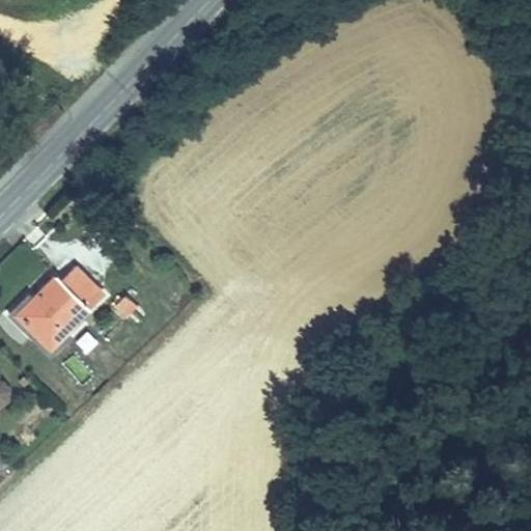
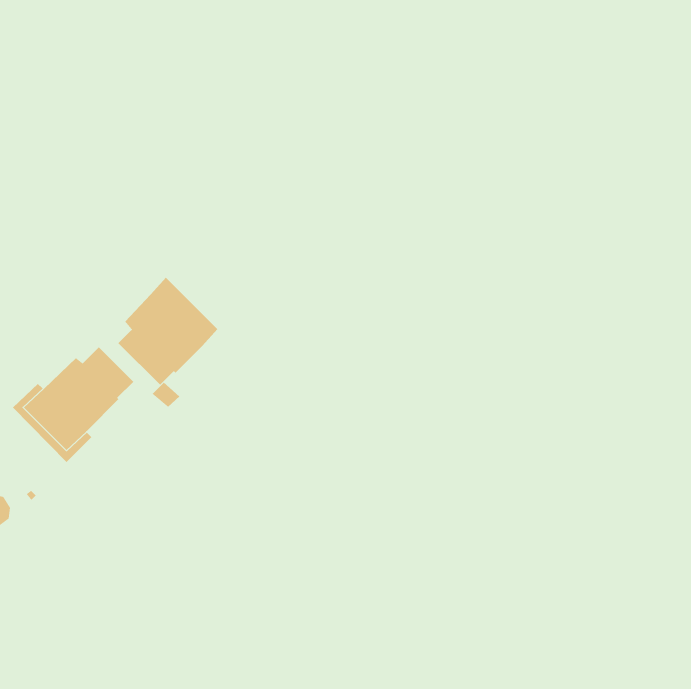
building: none -> [118,277,218,386]

